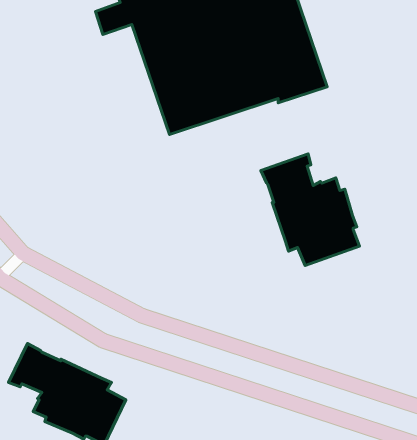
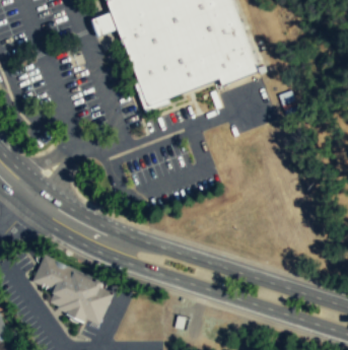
building: [261,154,359,266] -> none

